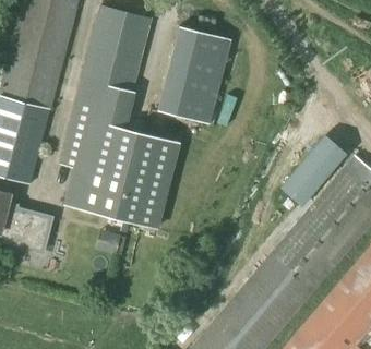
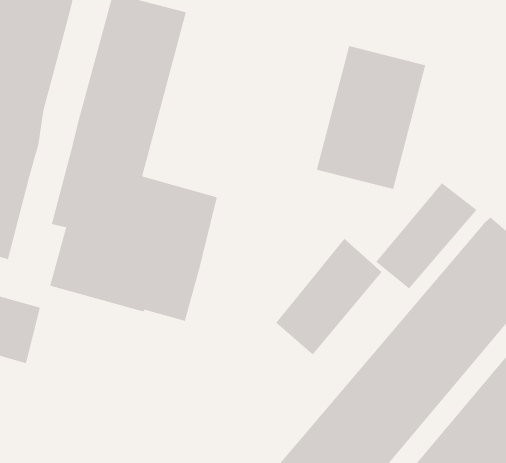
building: [157,27,231,124] -> [316,45,426,190]
building: none -> [275,238,383,355]

